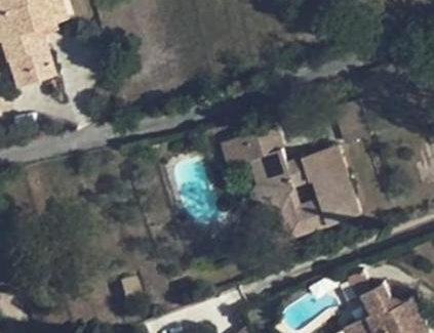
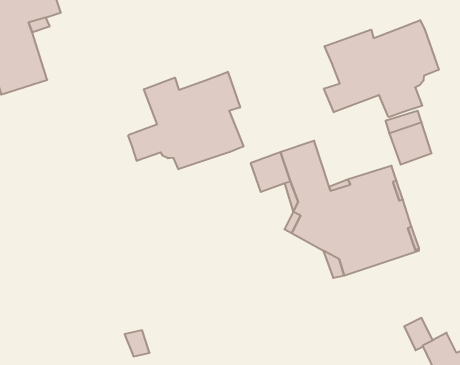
building: none -> [324,20,439,117]
building: none -> [128,72,243,169]

